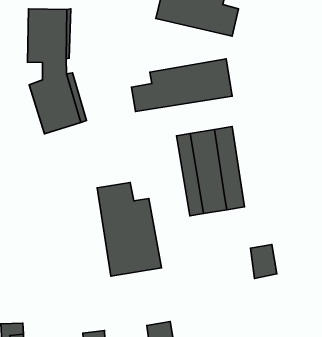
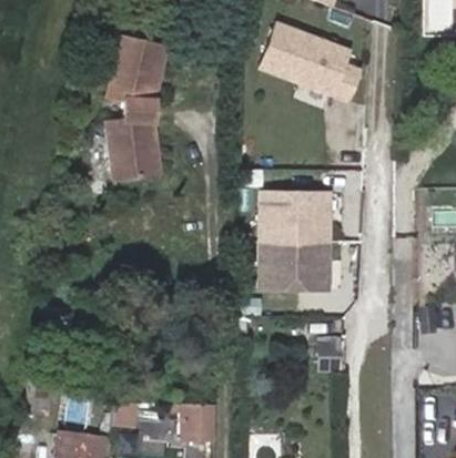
building: [132,59,232,111] -> none
building: [97,182,161,276] -> none

